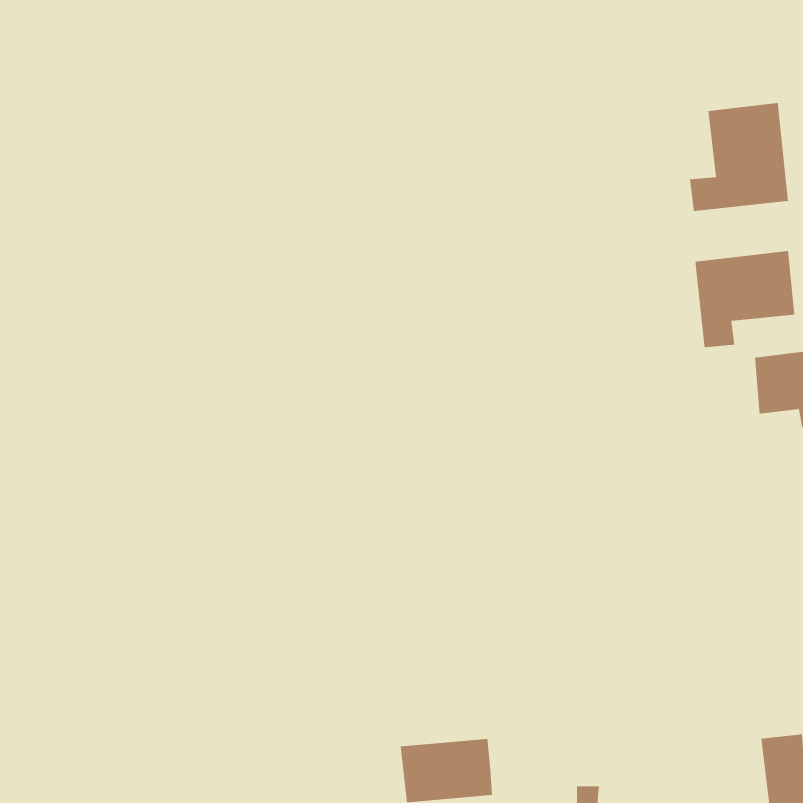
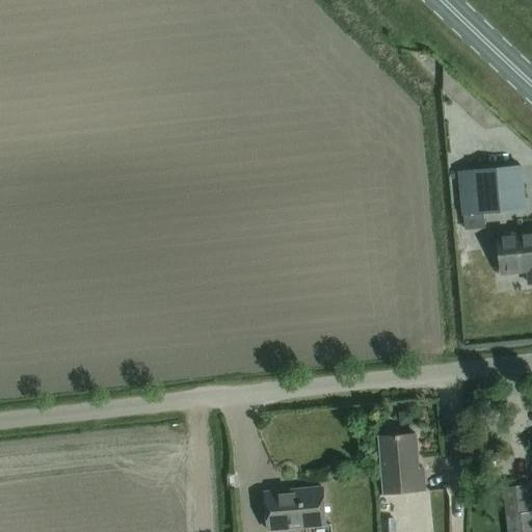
building: [689,102,788,212] -> none
building: none -> [380,433,425,496]

